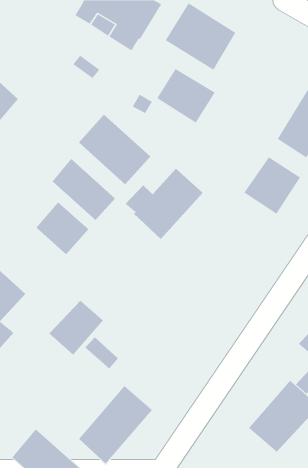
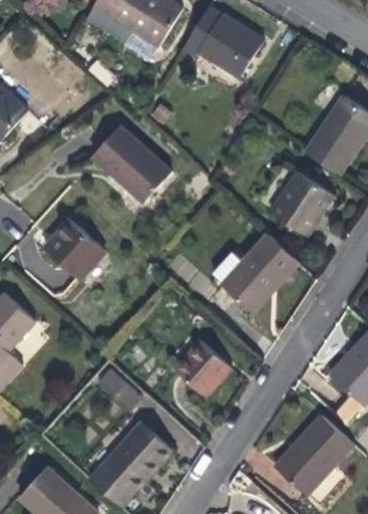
building: [156,68,215,123] -> none
building: [52,158,116,221] -> none
building: [125,168,203,240] -> [213,233,298,311]
building: [49,300,104,355] -> none
building: none -> [175,340,230,396]

